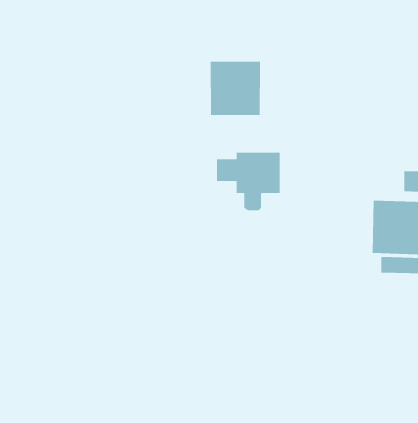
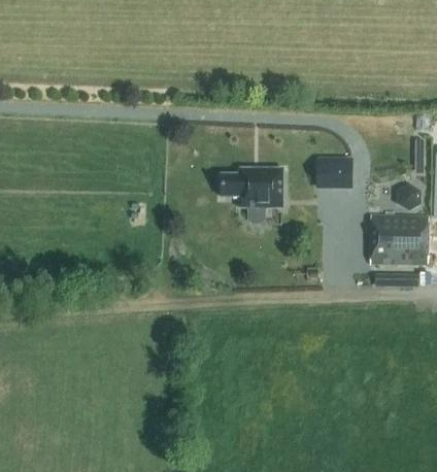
building: [210,61,261,116] -> none
building: none -> [317,159,351,186]

